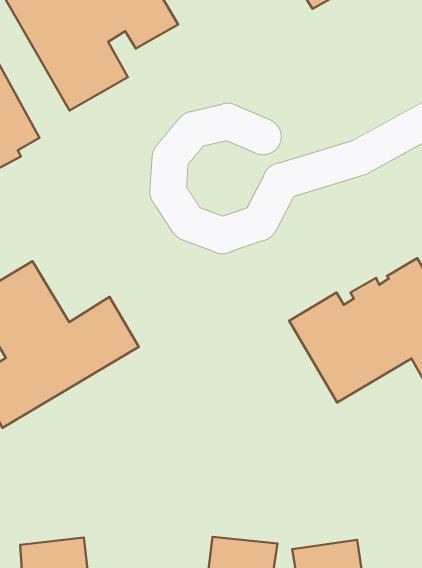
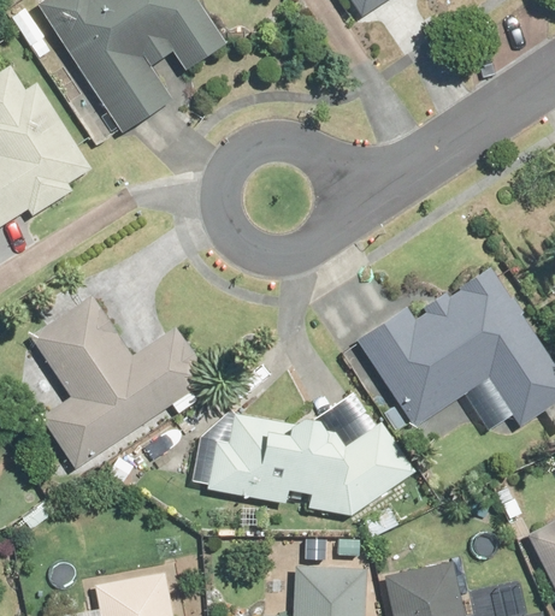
building: none -> [206,414,413,515]

